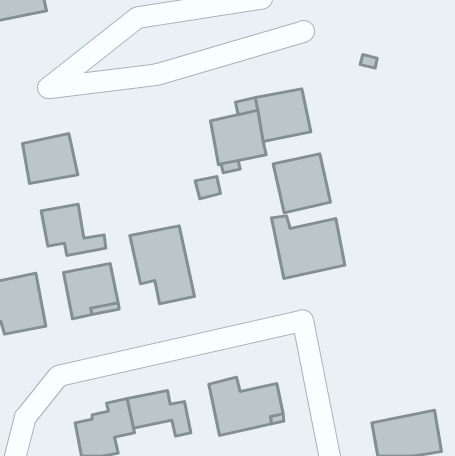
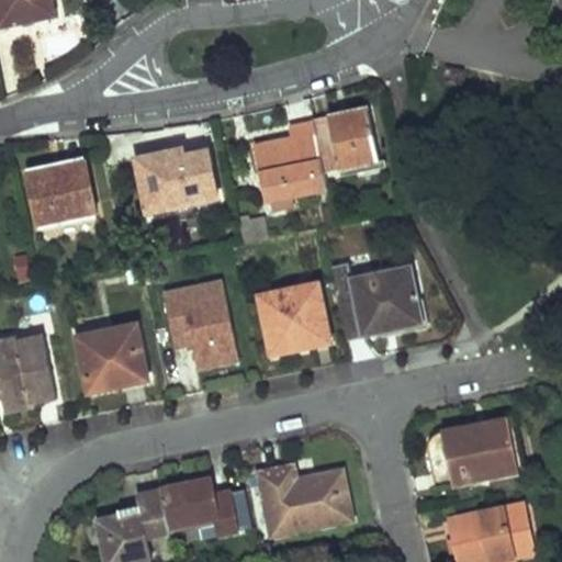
building: none -> [138,147,217,214]
building: [273,154,331,213] -> [261,284,331,357]
building: [41,204,106,256] -> none
building: none -> [425,418,514,487]

